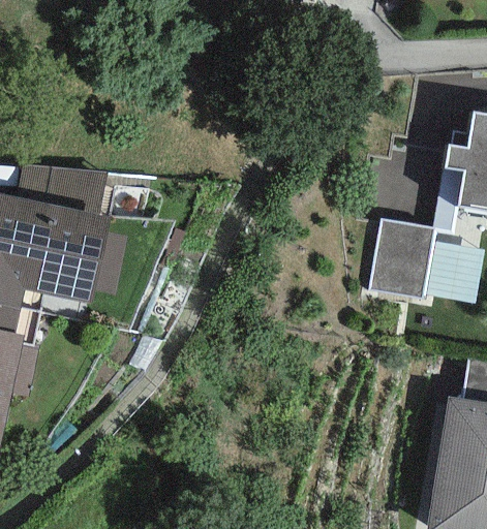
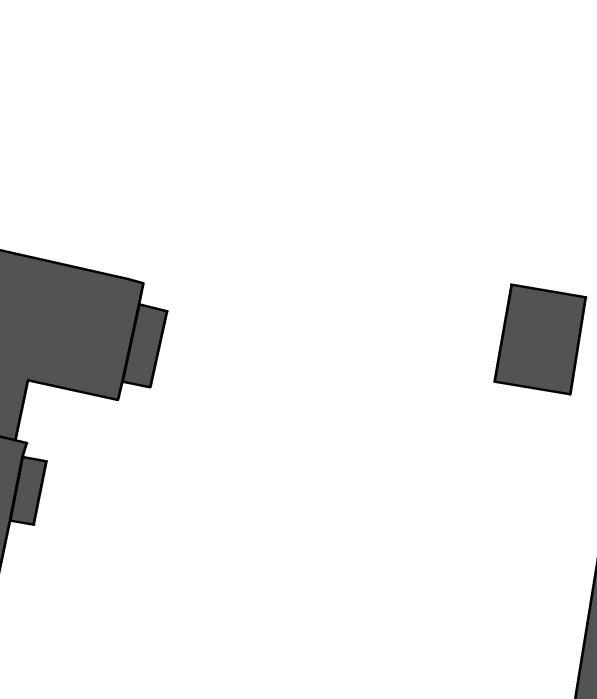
building: [13,166,105,216] -> none

